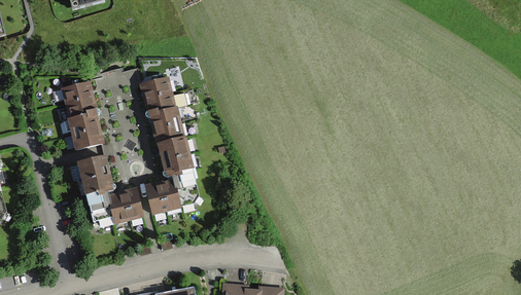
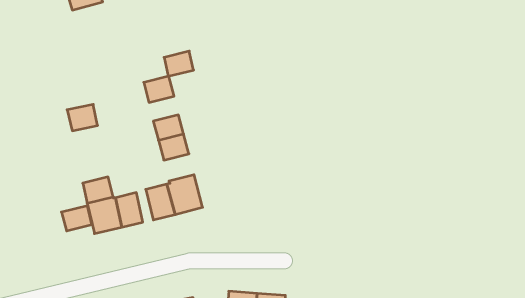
building: [64,82,94,108] -> none
building: [148,95,177,119] -> [164,51,194,76]
building: [73,123,102,150] -> none
building: [163,151,193,178] -> none
building: [78,155,108,180] -> [61,206,92,231]

